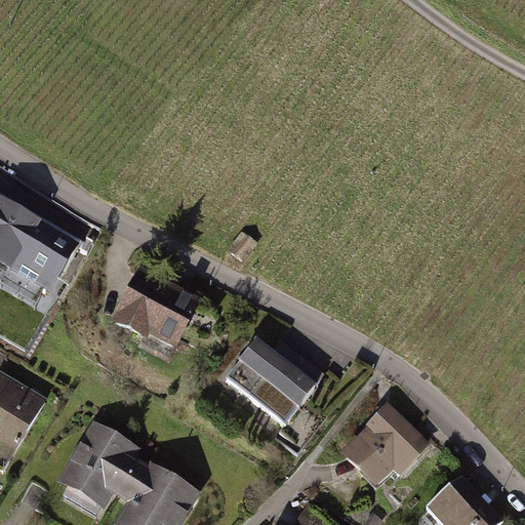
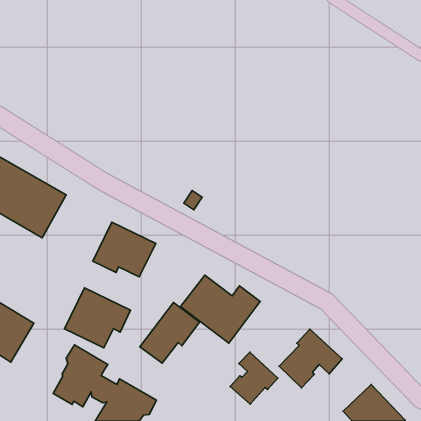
building: none -> [64,288,131,348]
building: none -> [140,302,199,363]
building: none -> [230,352,278,404]

